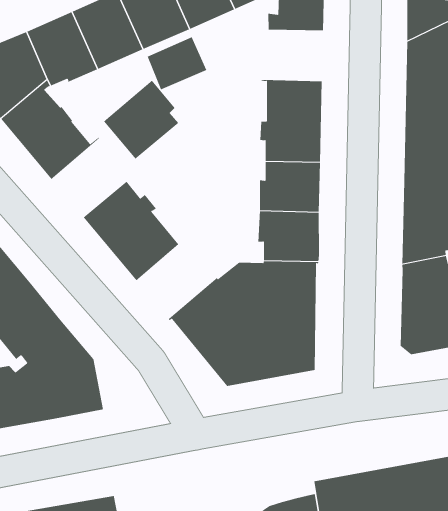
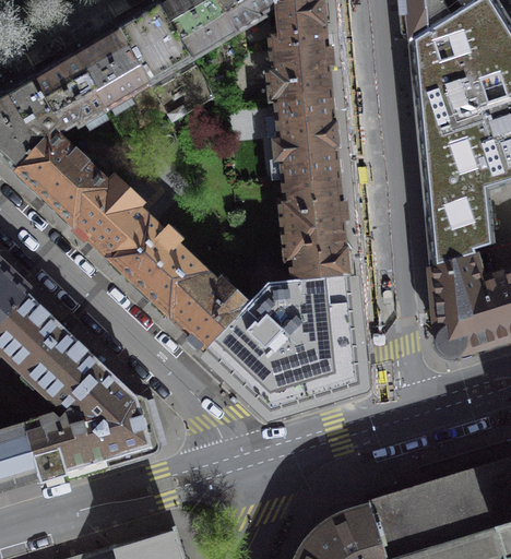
building: none -> [266,45,331,100]
building: [103,80,179,159] -> [73,177,148,258]
building: none -> [169,273,249,348]

